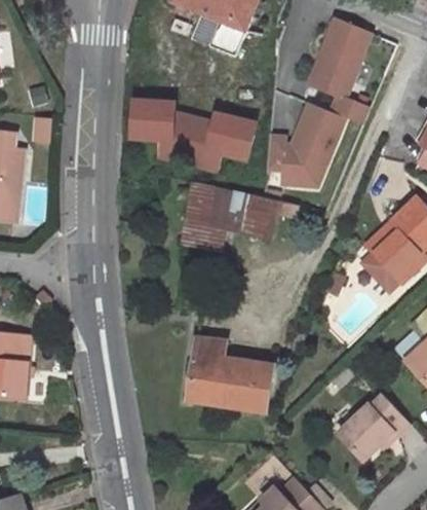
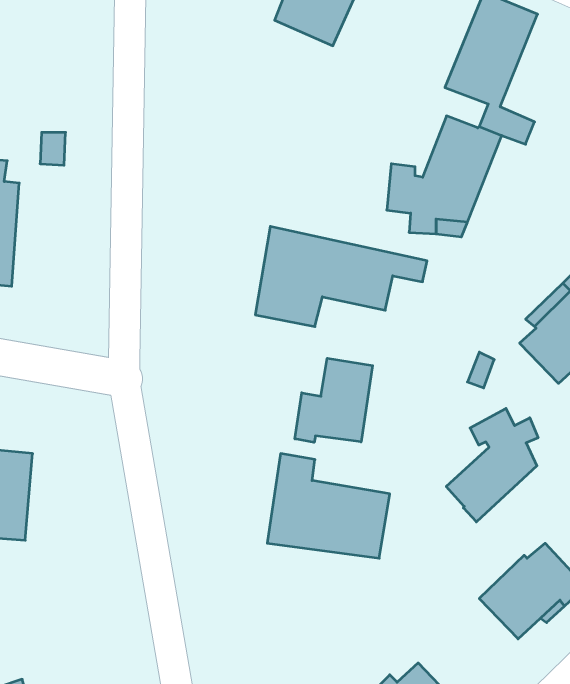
building: [129,97,262,174] -> none
building: none -> [295,358,373,442]
building: none -> [446,408,538,522]

